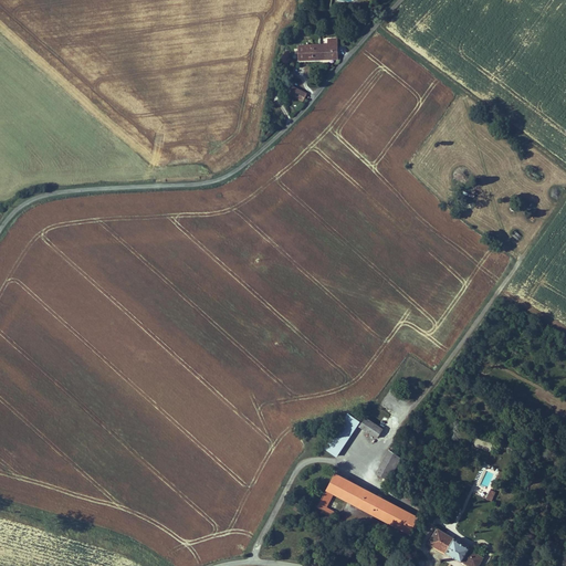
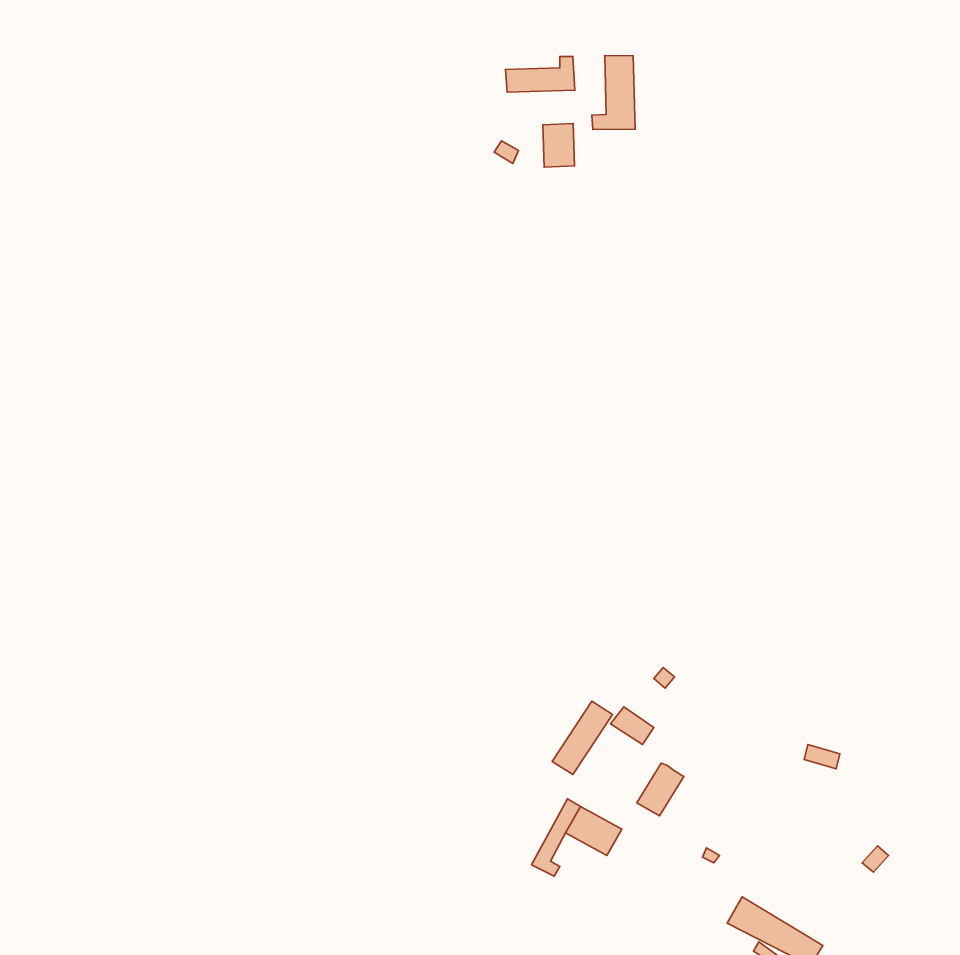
building: none -> [592,55,635,129]
building: none -> [543,123,574,167]
building: [357,491,418,535] -> none

